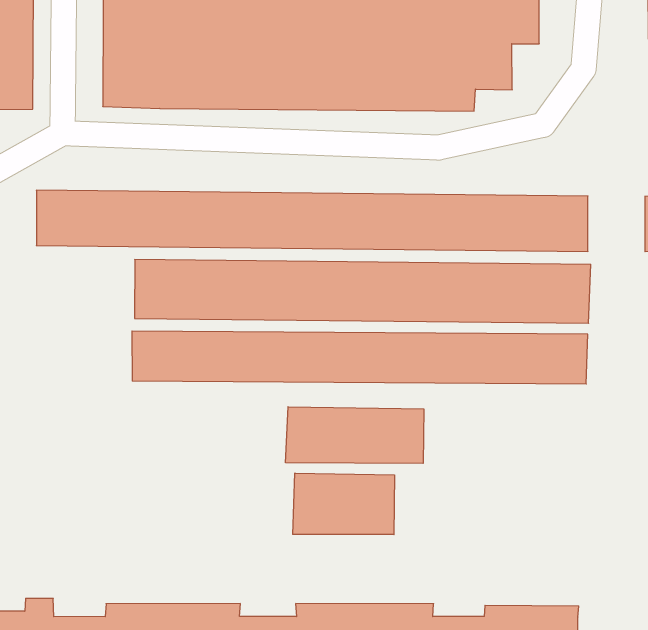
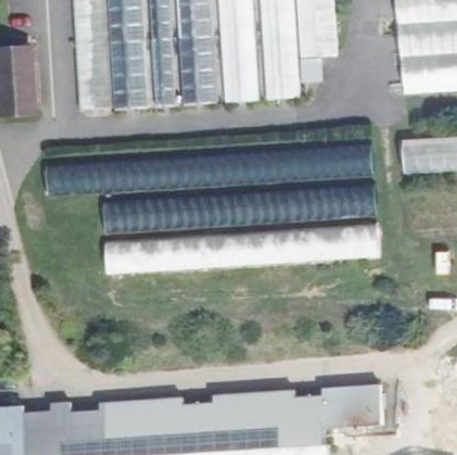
building: [286,407,424,463] -> none
building: [293,473,394,535] -> none

